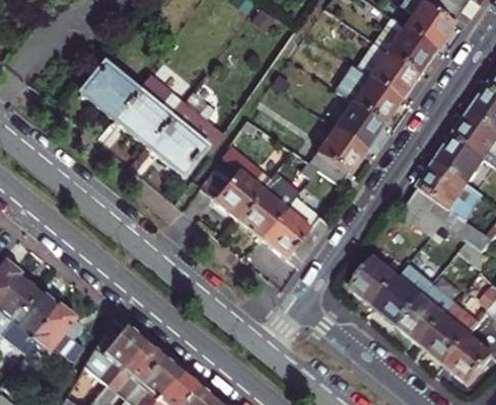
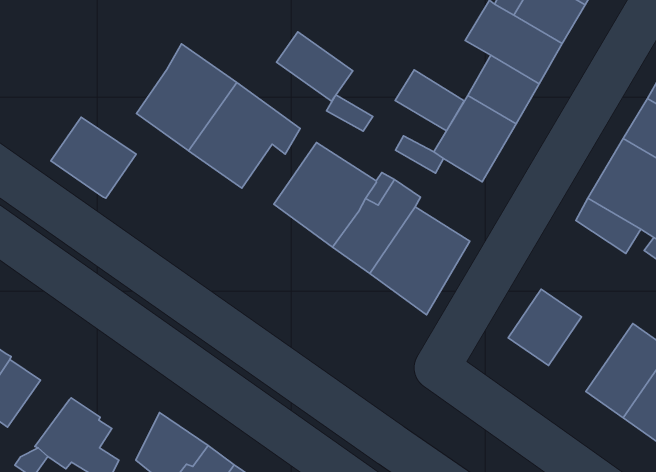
building: [81,65,138,119] -> [51,117,136,198]
building: none -> [276,32,353,101]
building: none -> [395,70,464,131]
building: [375,263,434,326] -> none
building: [14,291,57,334] -> none

